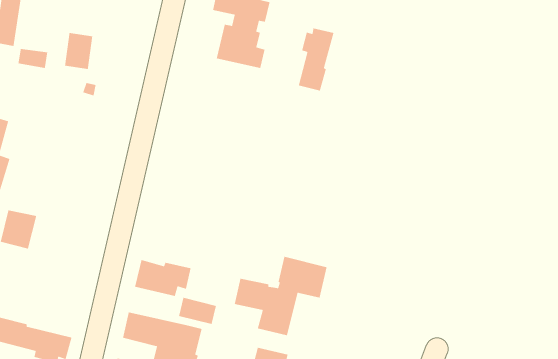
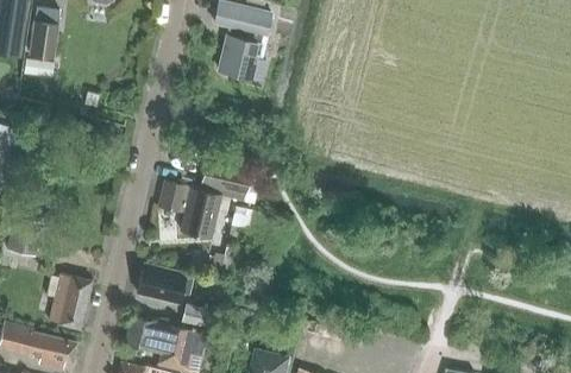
building: [298,27,335,92] -> none
building: [64,32,93,70] -> [29,21,57,58]
building: [234,256,327,336] -> [157,159,249,238]
building: none -> [45,273,90,329]

